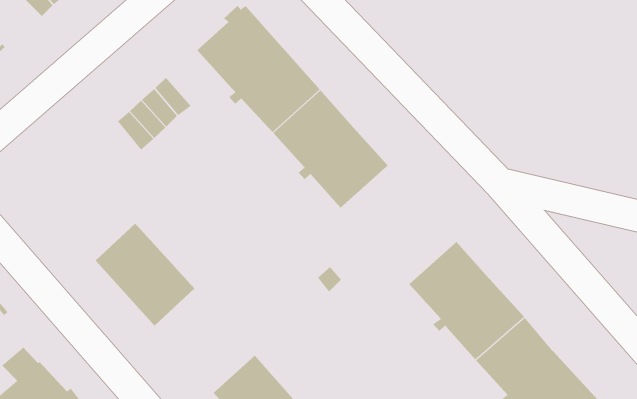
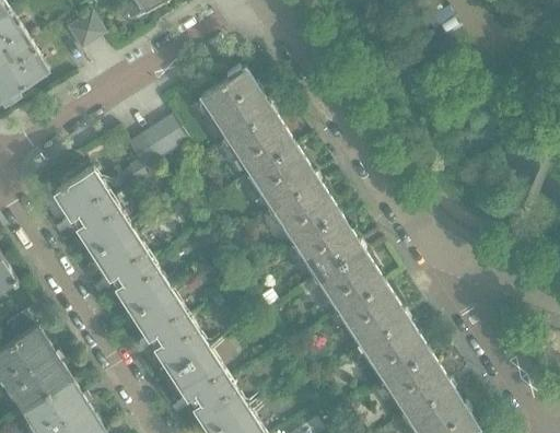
building: none -> [52,169,130,254]
building: none -> [295,214,384,312]
building: none -> [132,289,209,374]

